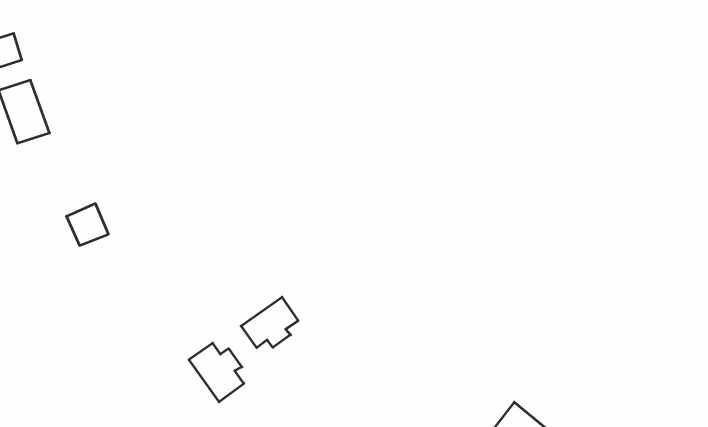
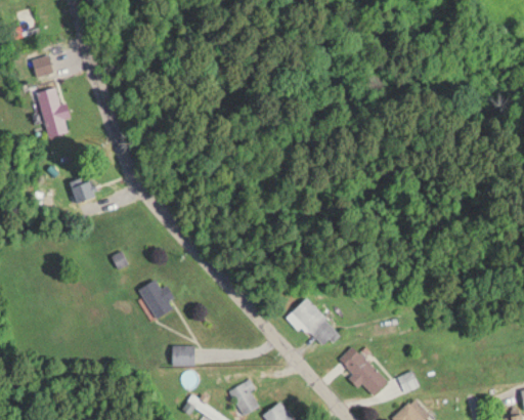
building: [241,297,298,348] -> none
building: none -> [289,298,341,350]

